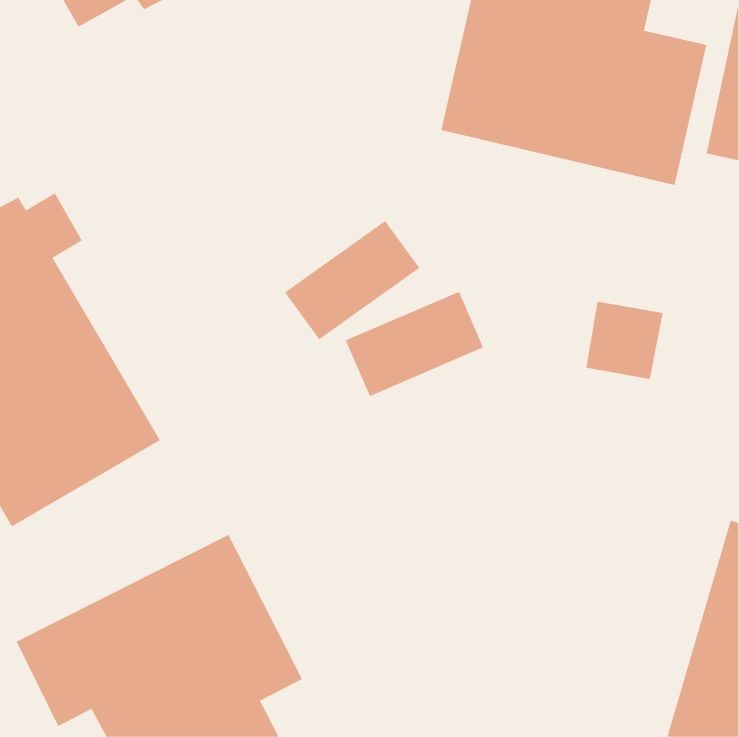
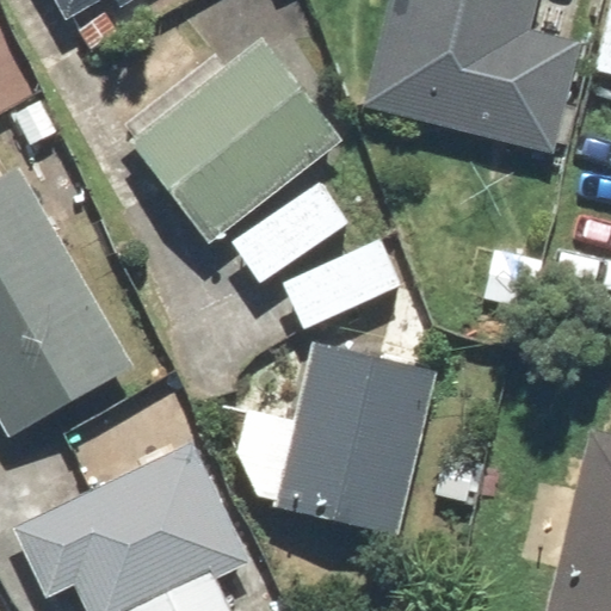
building: none -> [129,37,340,242]
building: none -> [234,344,437,536]

